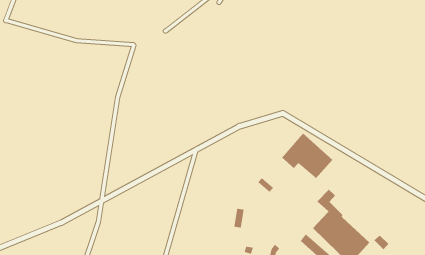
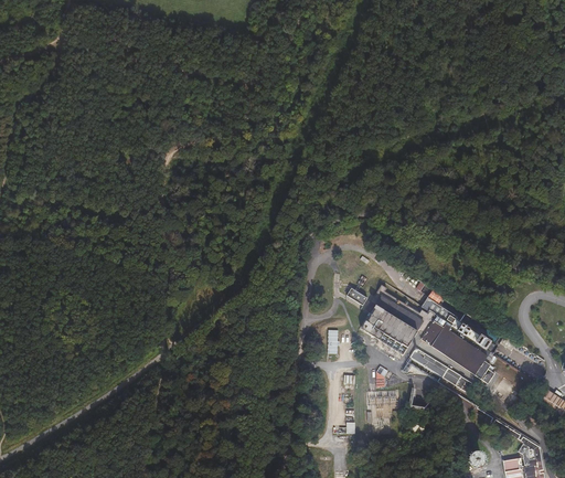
building: [281,133,333,179] -> [362,296,425,349]

